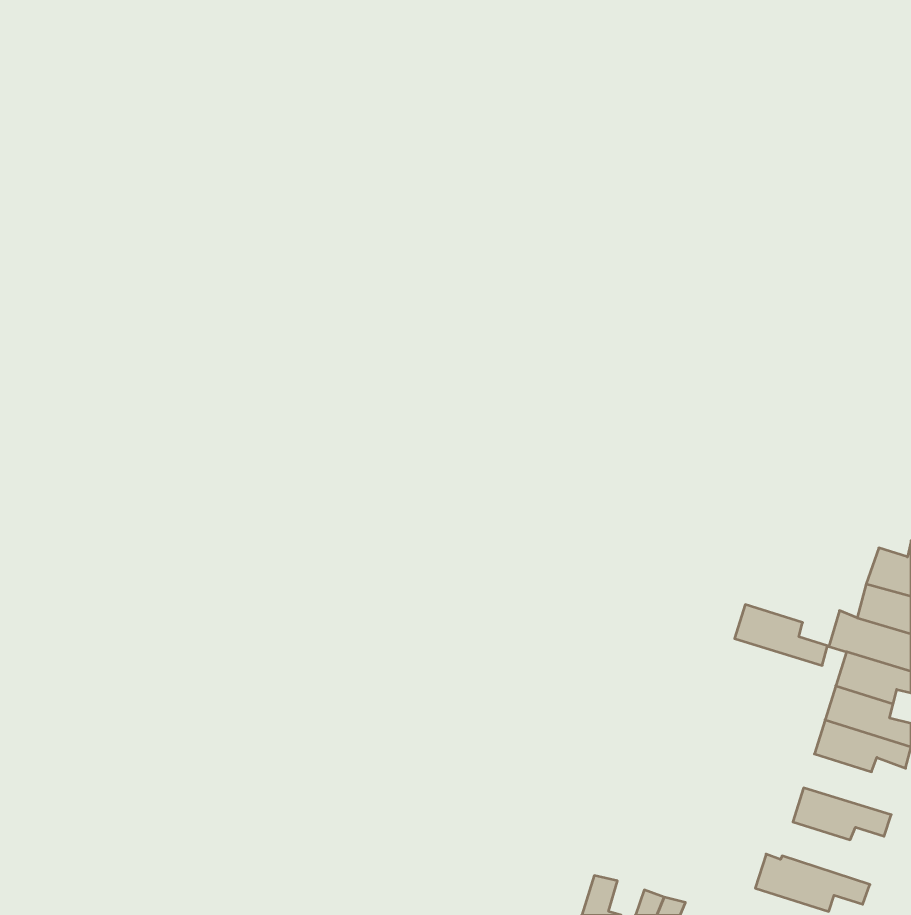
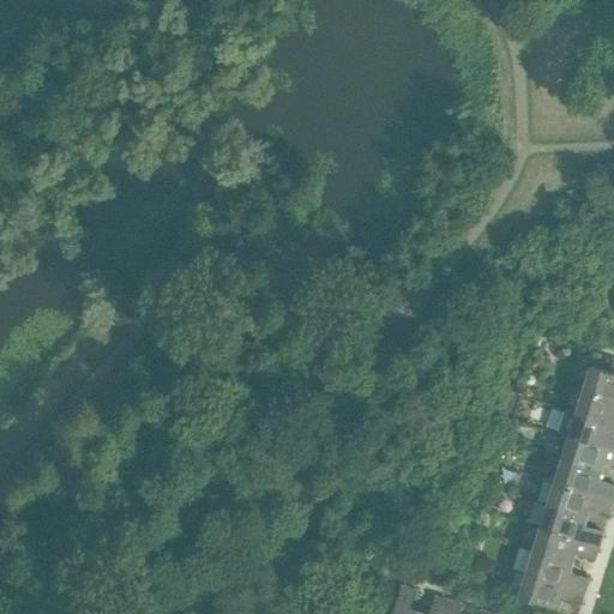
building: [735,605,828,665] -> [538,505,601,546]
building: none -> [524,550,586,592]

